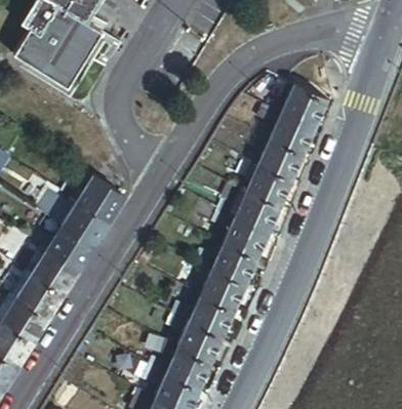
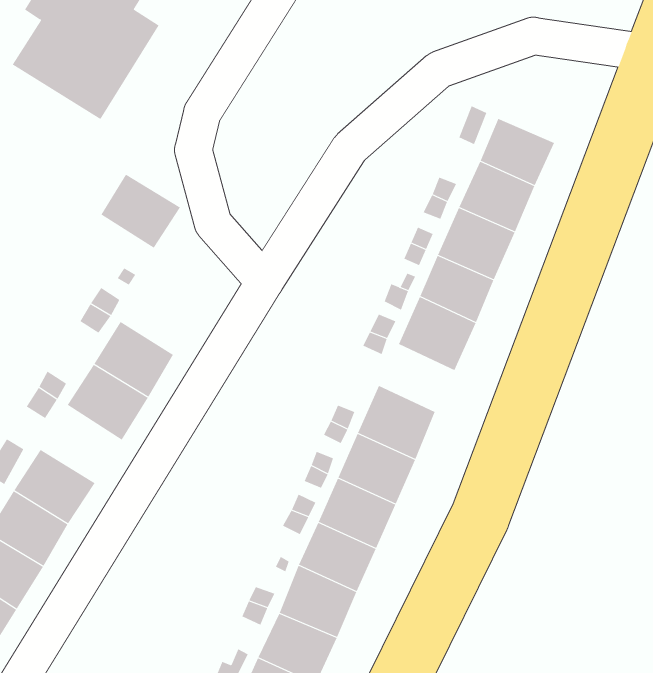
building: [79,175,125,218] -> [101,174,181,248]
building: [228,212,272,251] -> none
building: [33,247,80,292] -> none

